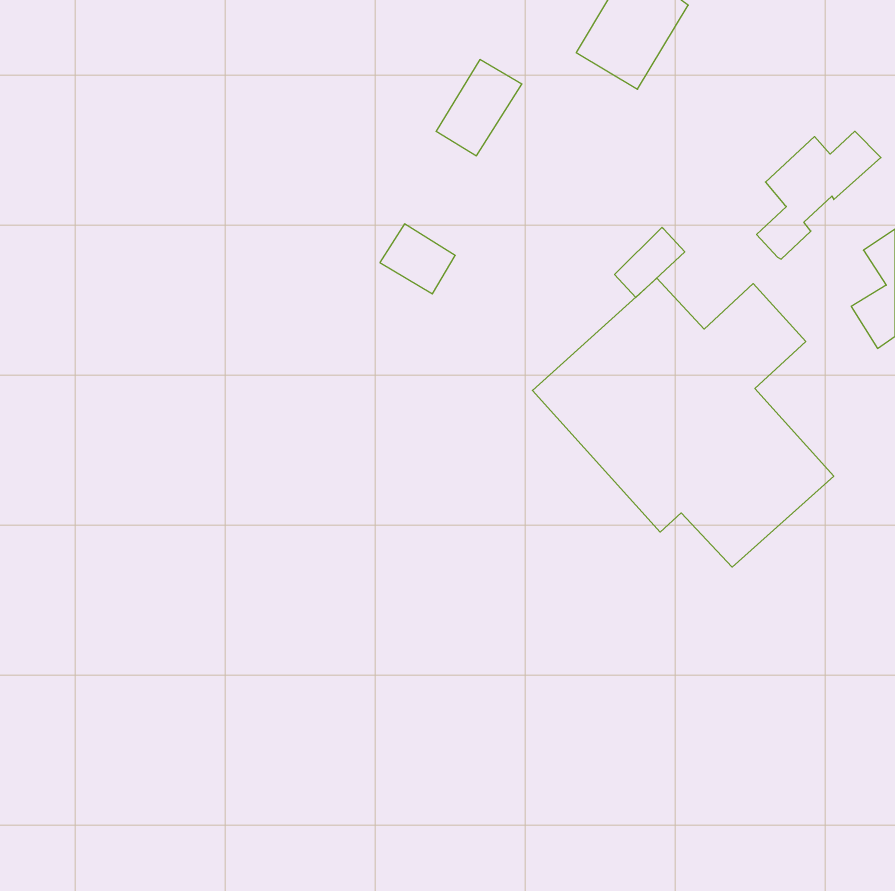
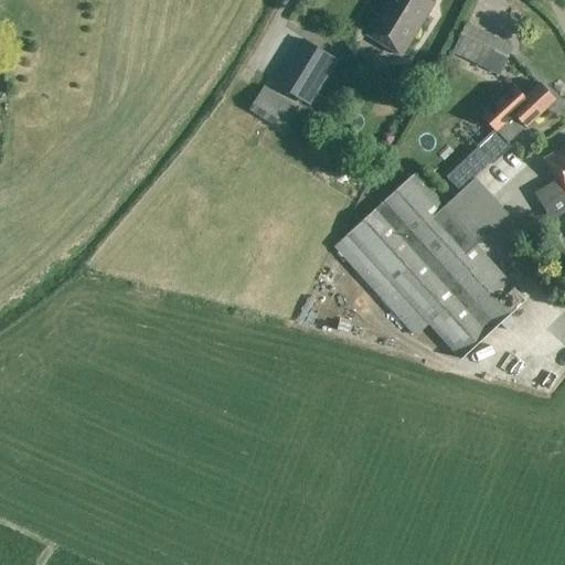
building: none -> [451,22,513,75]
building: [380,224,455,294] -> [248,85,296,129]
building: [615,227,685,297] -> [446,147,490,191]

